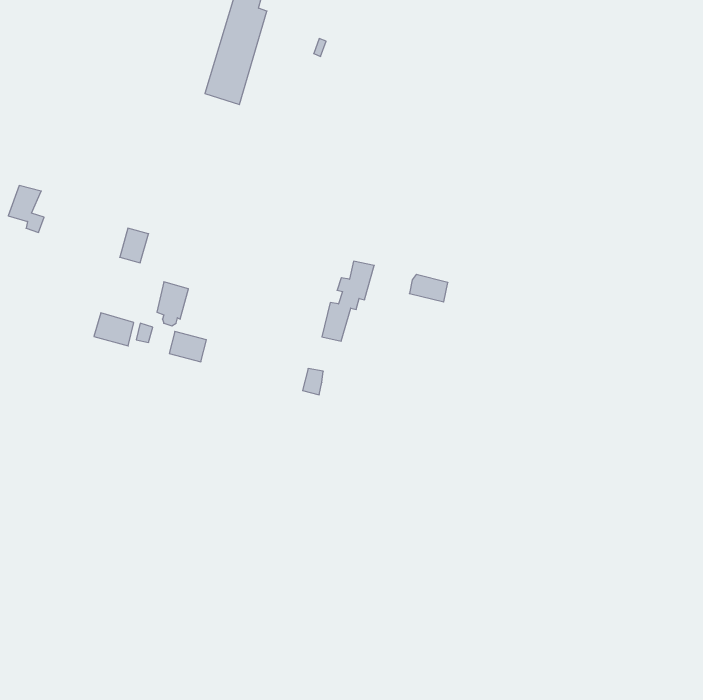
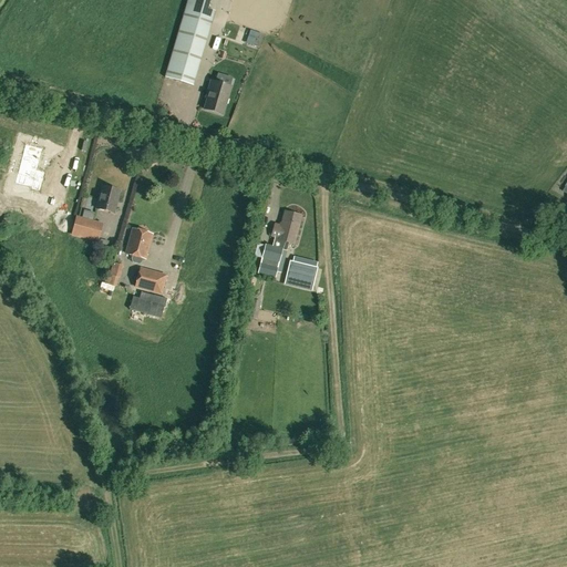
building: none -> [205,80,230,113]
building: [409,274,448,302] -> [286,259,317,281]
building: [94,313,134,346] -> [71,214,103,240]
building: none -> [130,290,166,316]

